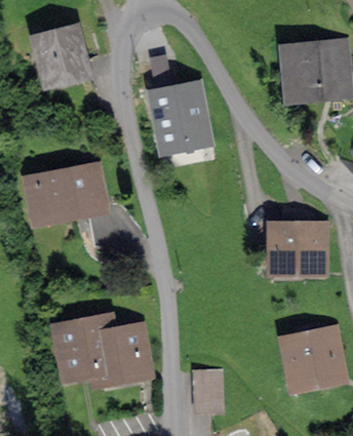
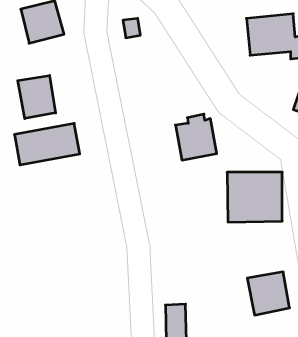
building: [157,93,203,145] -> [175,114,217,160]
building: none -> [18,75,56,119]
building: [61,321,142,378] -> none

